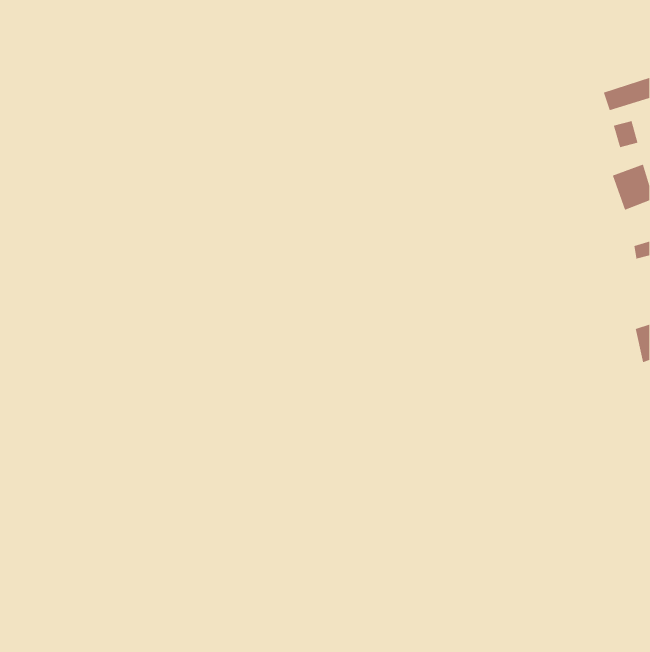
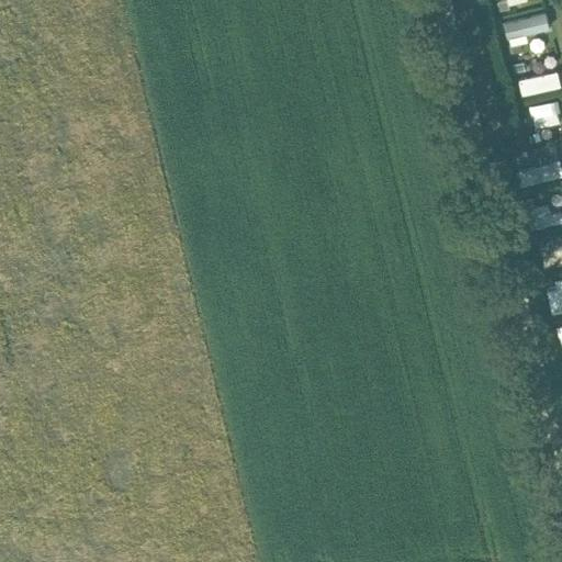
building: none -> [506,13,552,42]

